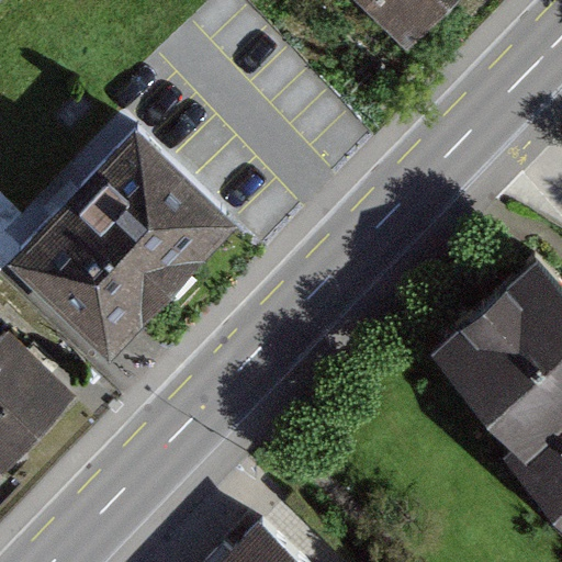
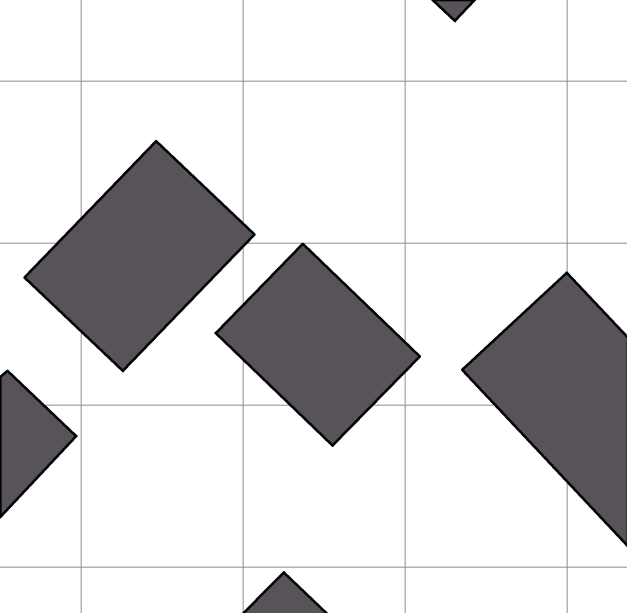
building: none -> [216,244,420,446]

